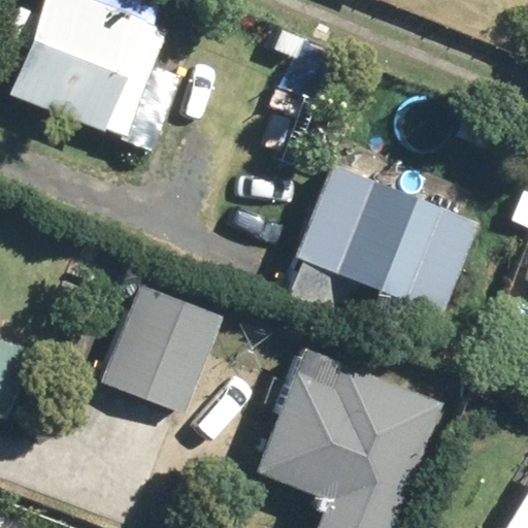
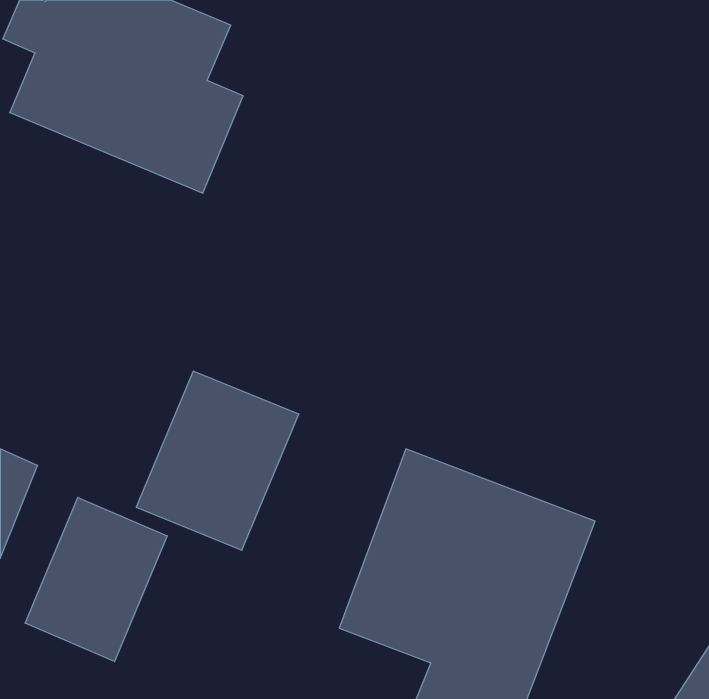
building: [284,158,482,326] -> none
building: none -> [25,497,167,662]

